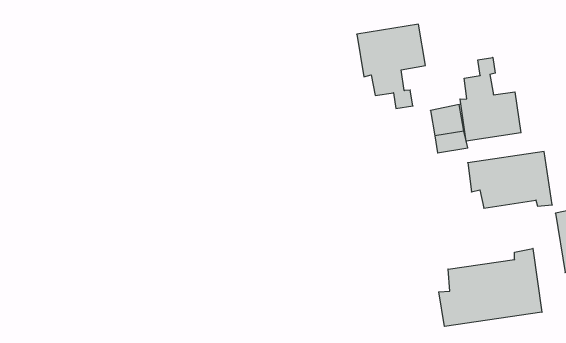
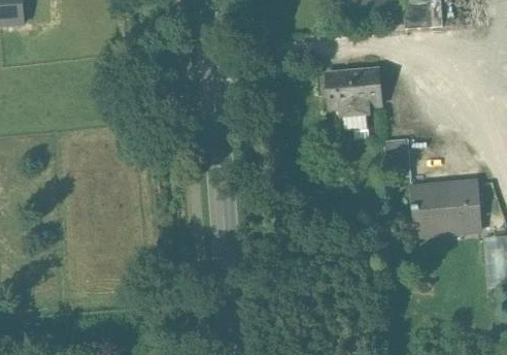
building: [460,57,521,141] -> none
building: [439,248,542,326] -> none

